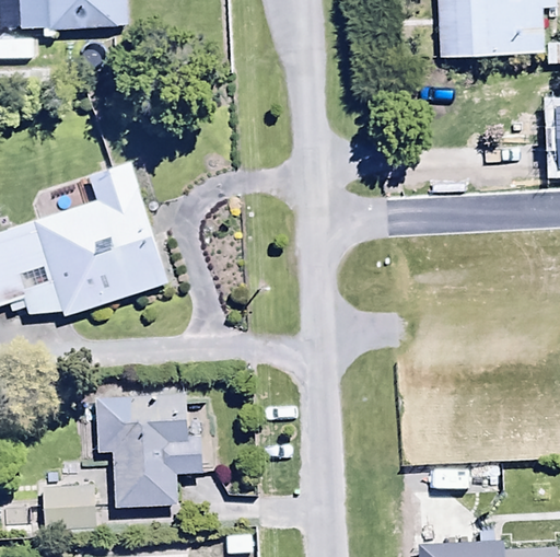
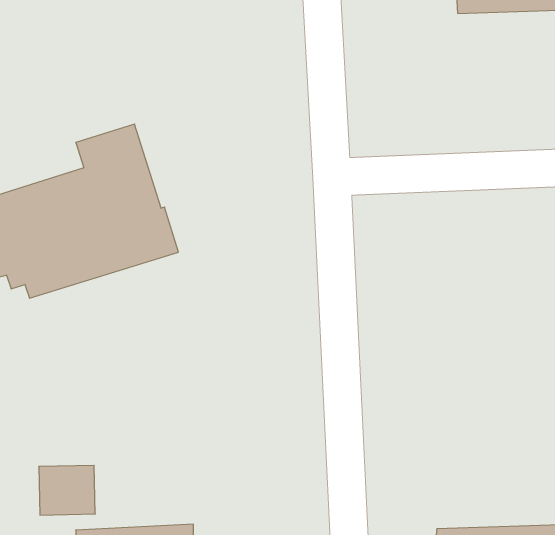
building: [95,396,201,510] -> none

